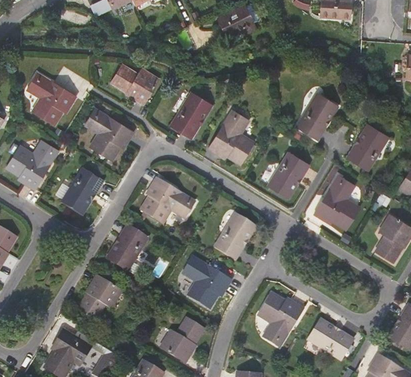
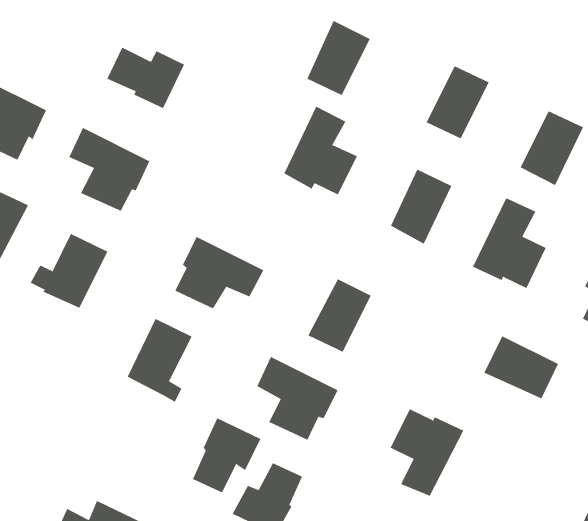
building: [172,90,212,135] -> [307,20,371,96]
building: [78,273,121,318] -> [192,418,261,493]
building: [307,317,352,357] -> [483,335,559,399]

